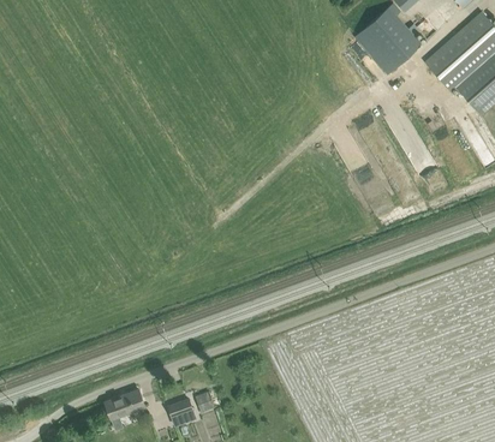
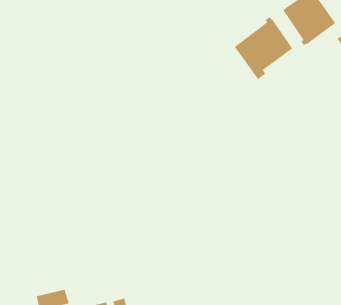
building: none -> [234,16,293,80]

